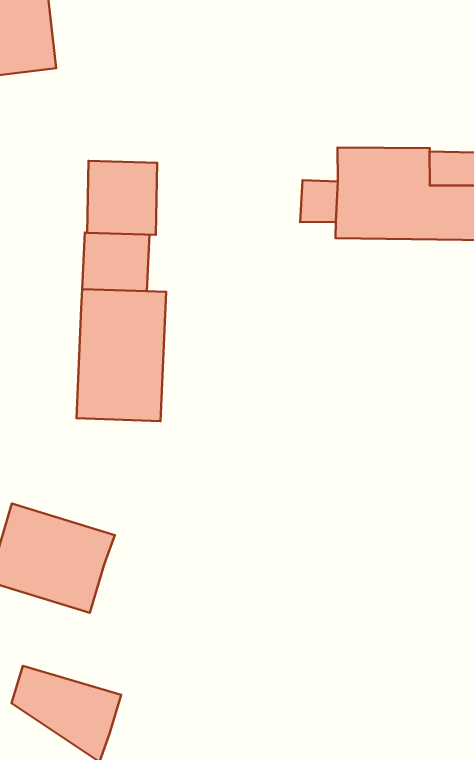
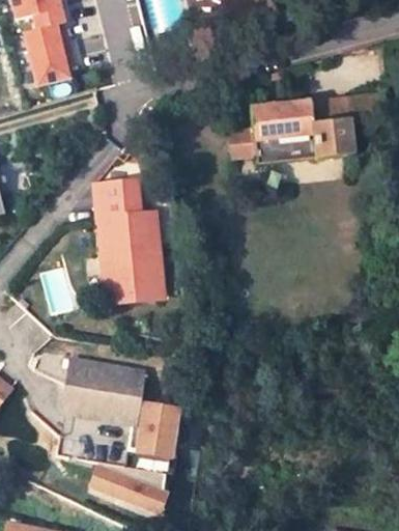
building: [87,161,157,235] -> none
building: none -> [130,392,177,457]

